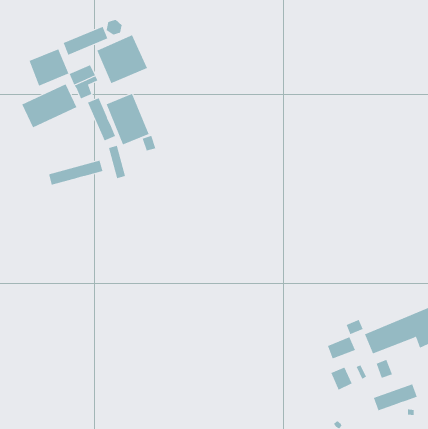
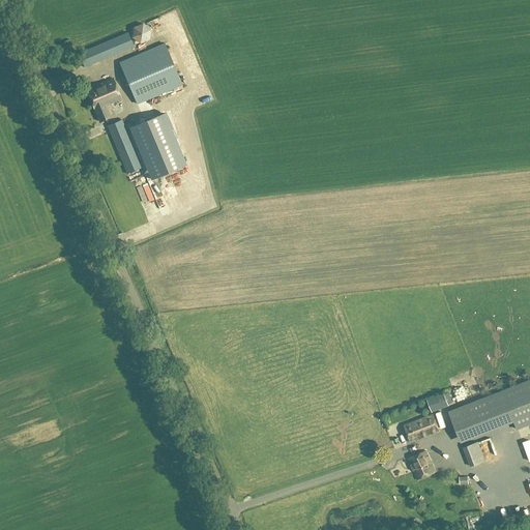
building: [29,49,69,86] -> none
building: [22,84,77,128] -> none
building: [48,160,103,185] -> none
building: [373,383,417,411] -> none

